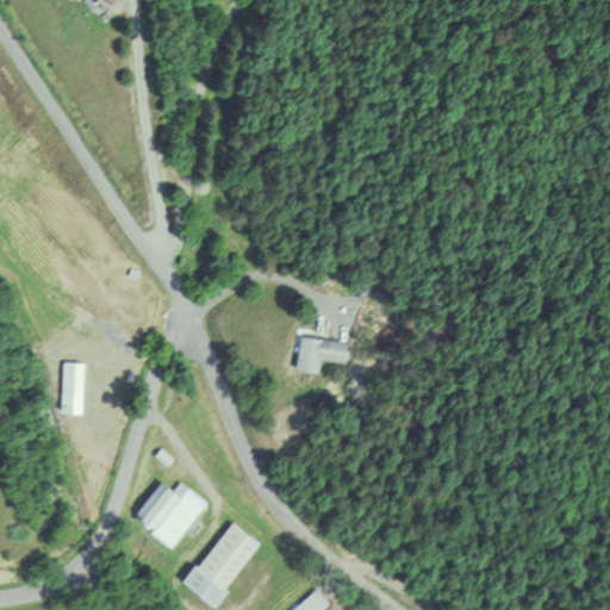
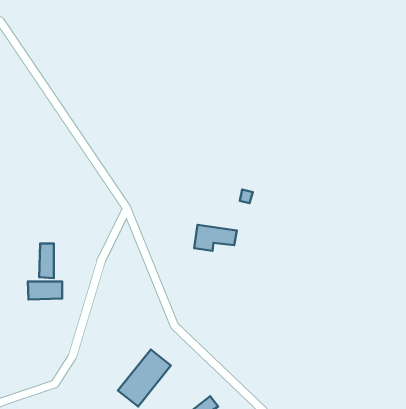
building: none -> [28,282,62,300]
building: [135,481,207,548] -> none

